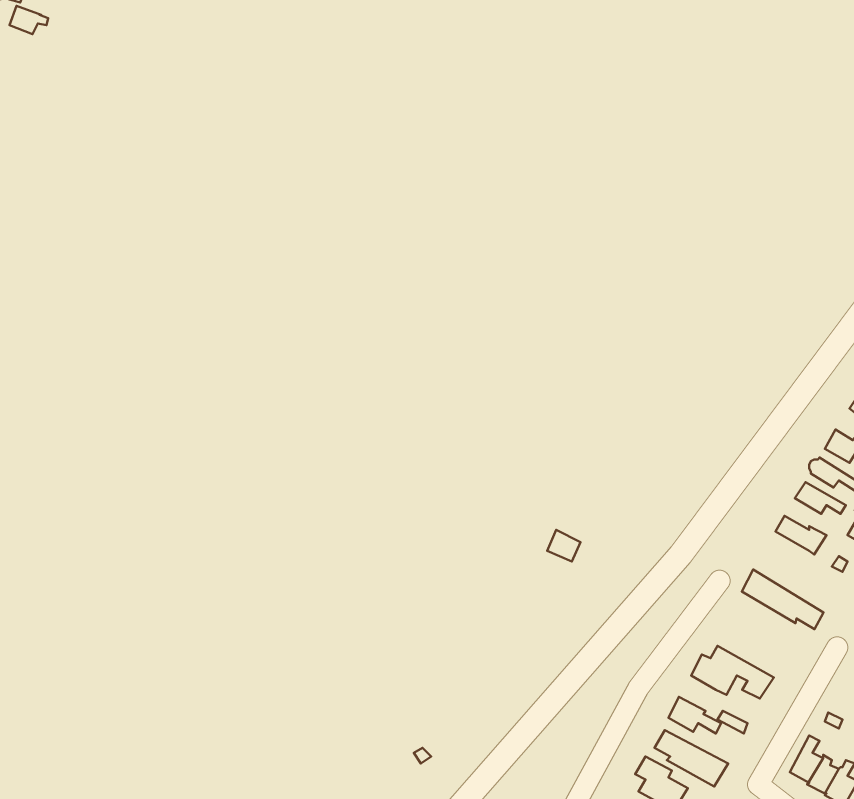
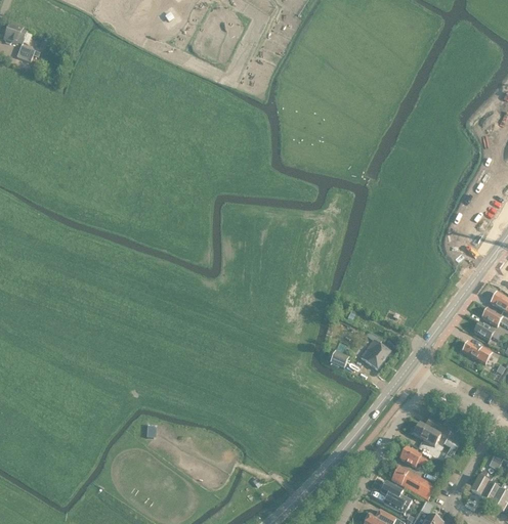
building: none -> [358,338,390,369]
building: [742,569,823,629] -> none

